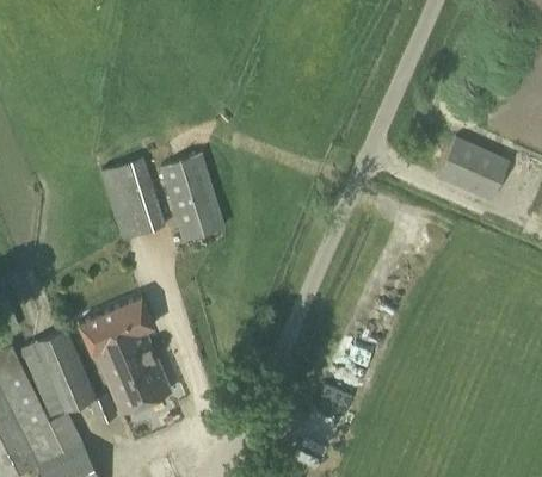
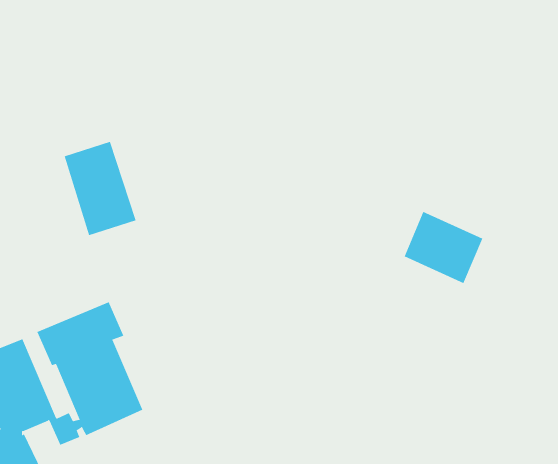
building: [438,138,507,202] -> [404,211,483,284]
building: [160,155,224,241] -> none

